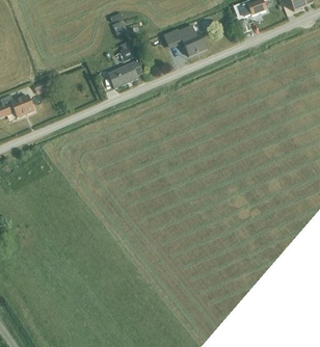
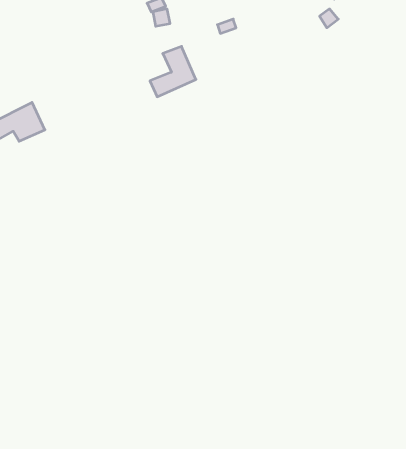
building: [174,23,205,58] -> none

